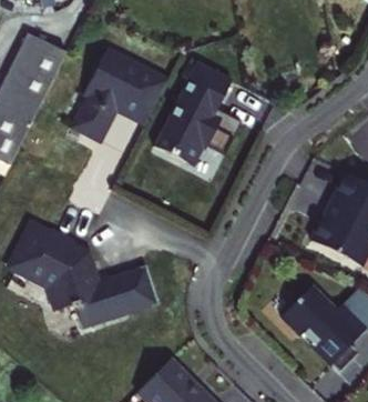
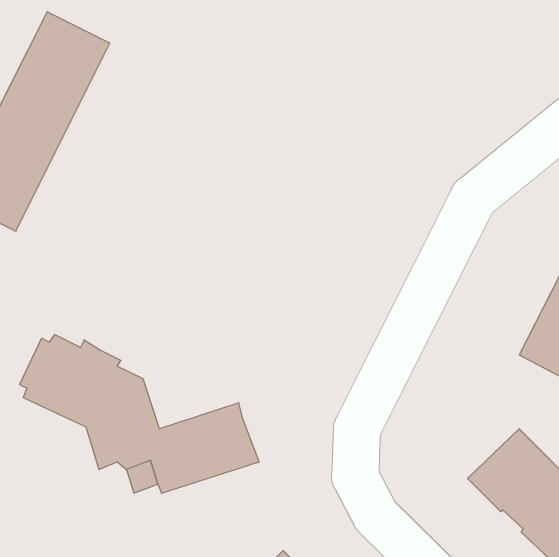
building: [75,53,170,140] -> none
building: [155,62,244,164] -> none

